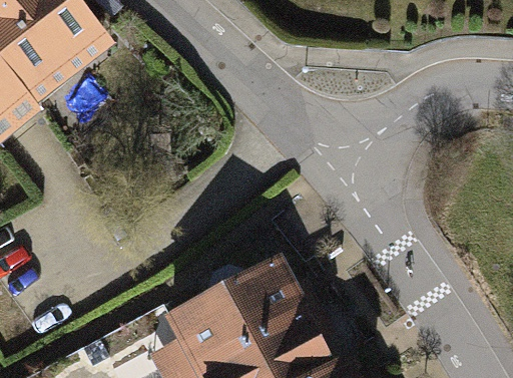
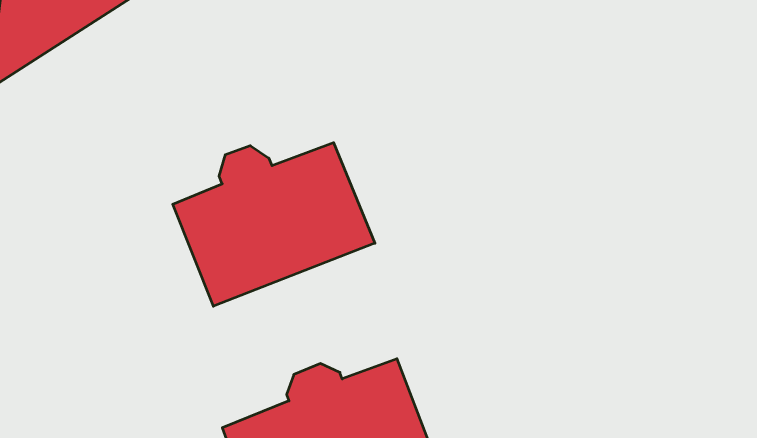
building: none -> [173,143,375,306]

